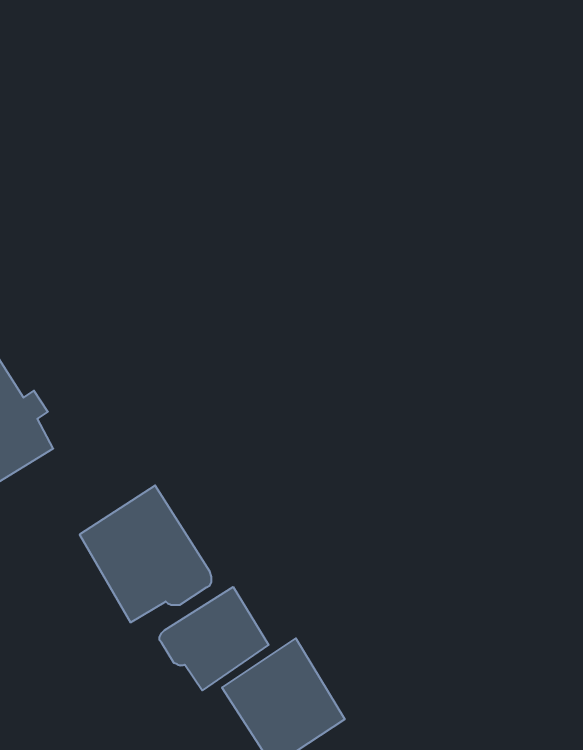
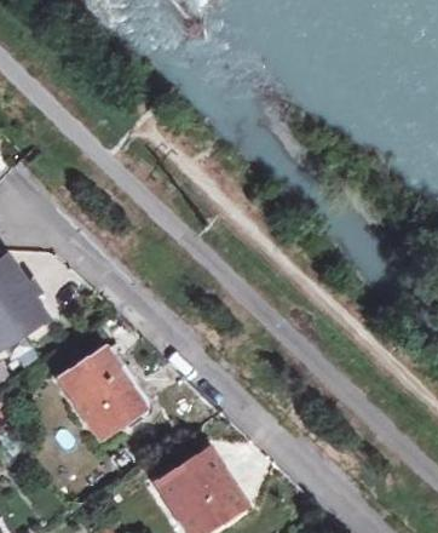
building: [160,587,269,690] -> none

